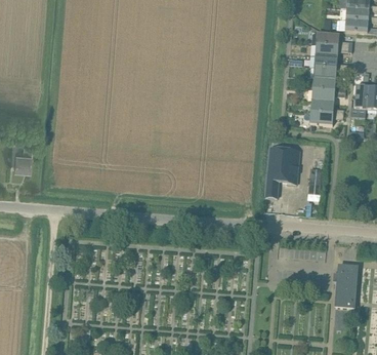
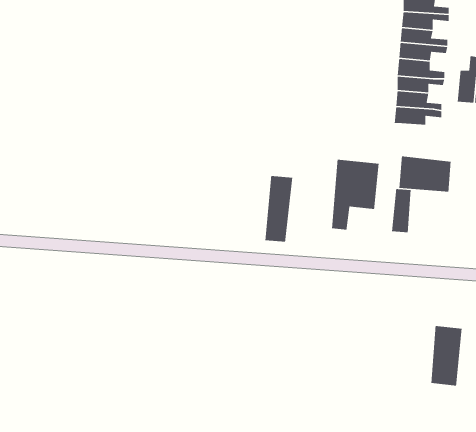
building: none -> [398,155,452,193]
building: none -> [264,175,293,242]

